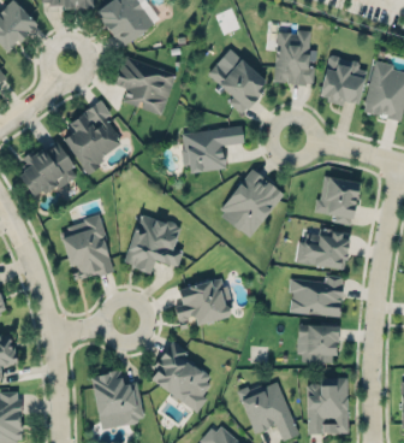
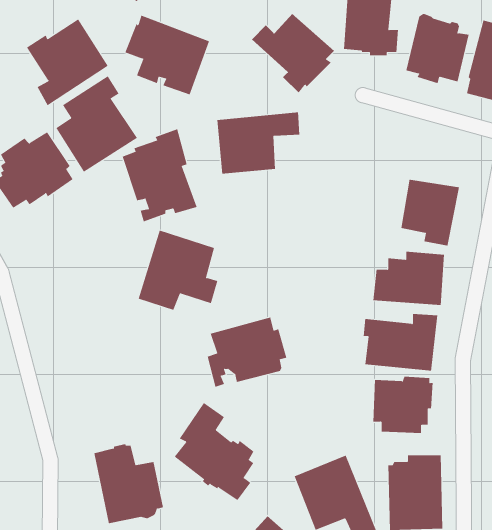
building: none -> [26,18,109,106]
building: [221,172,285,237] -> none
building: [59,213,114,282] -> [122,129,197,222]

